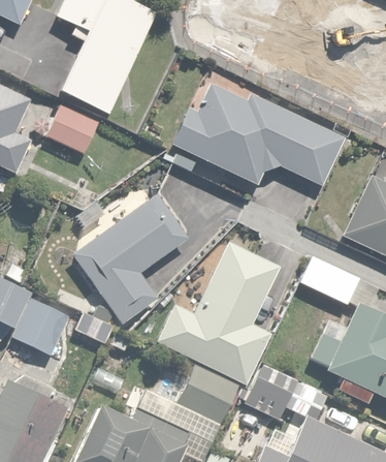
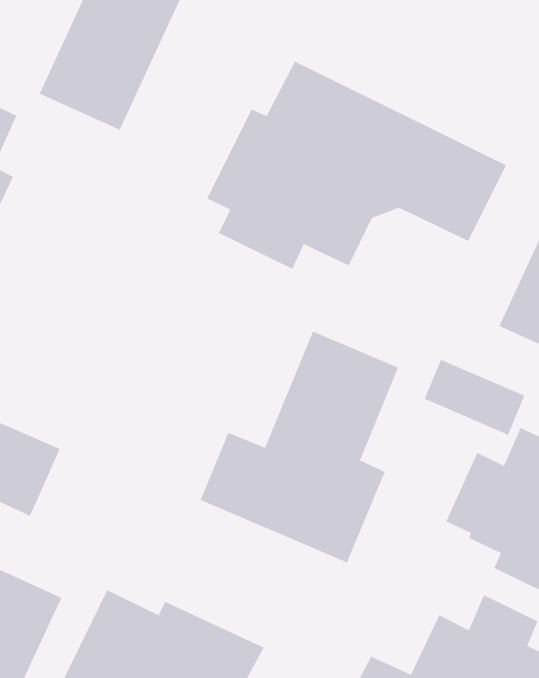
building: [46,103,106,157] -> none
building: [70,193,190,327] -> none
building: [244,363,330,422] -> none
building: [176,366,237,423] -> none

